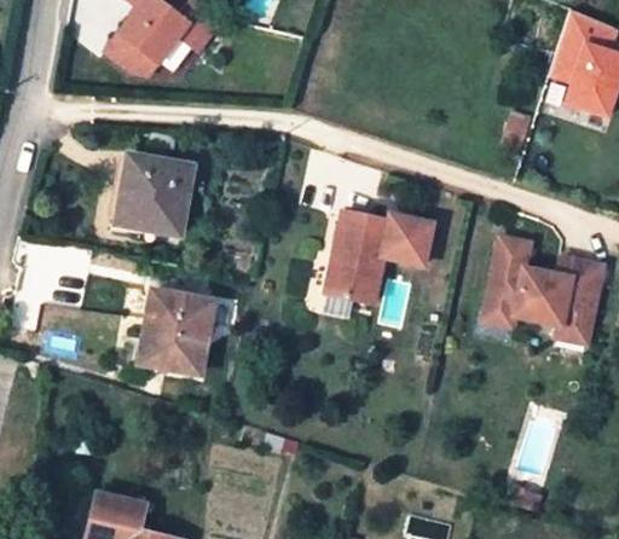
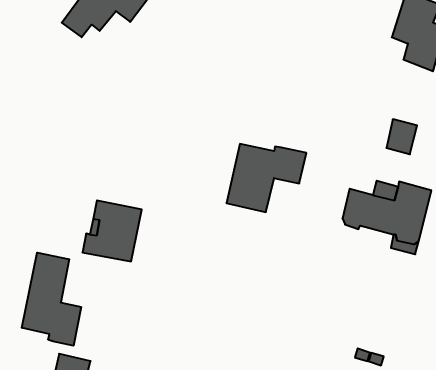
building: [117,153,192,232] -> none
building: [492,234,533,282] -> [386,119,417,154]
building: none -> [22,253,81,346]

